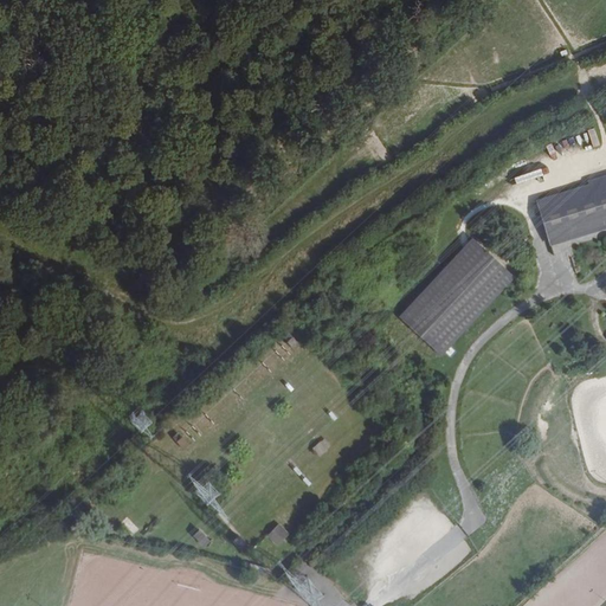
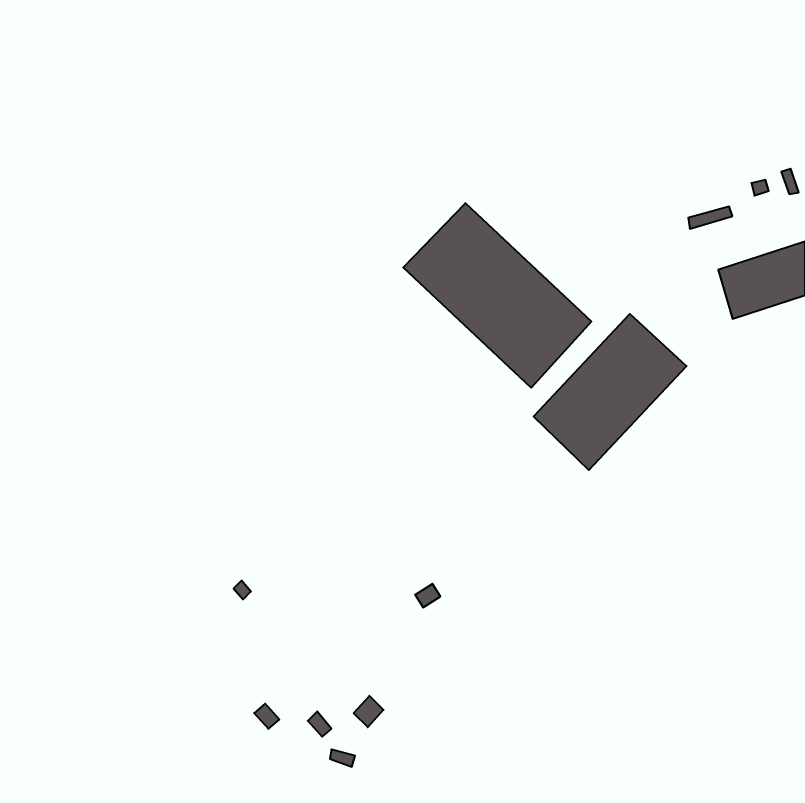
building: none -> [403,203,591,388]

